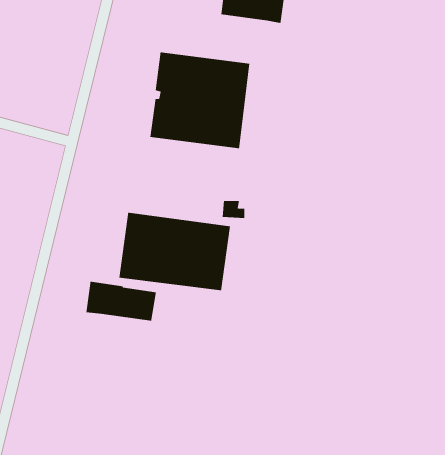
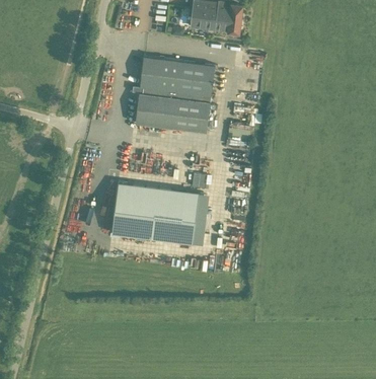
building: [86,281,156,322] -> none

